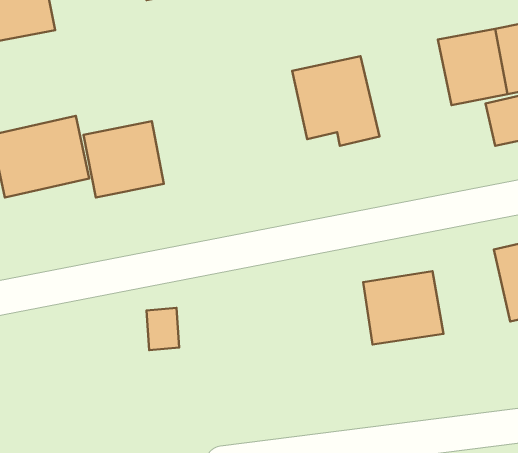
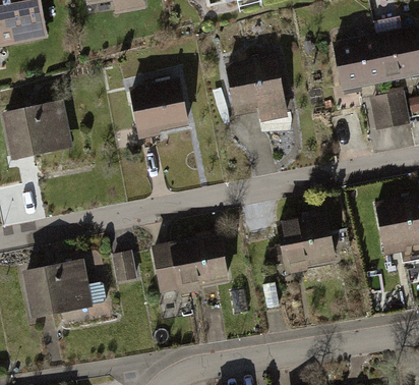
building: [84,121,164,197] -> [126,83,186,140]
building: none -> [149,235,228,293]
building: none -> [24,265,88,316]

